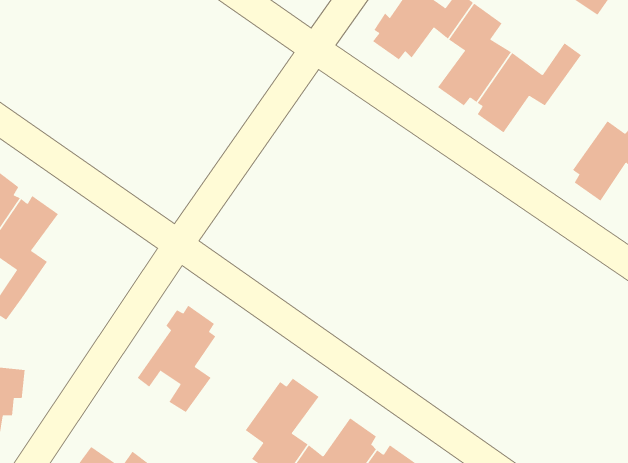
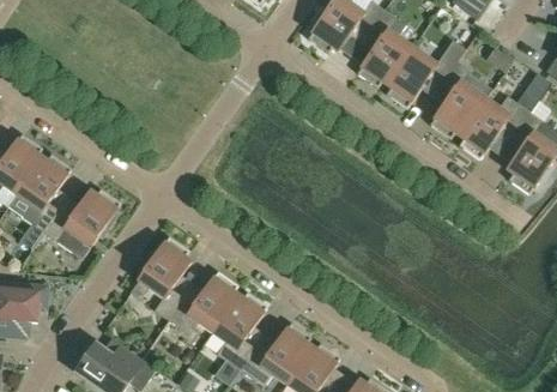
building: none -> [430,48,485,138]
building: none -> [44,188,121,258]
building: none -> [168,271,238,333]

